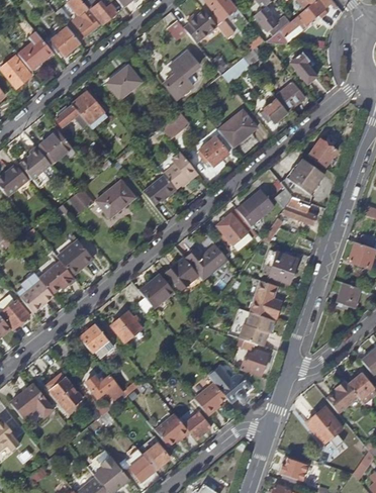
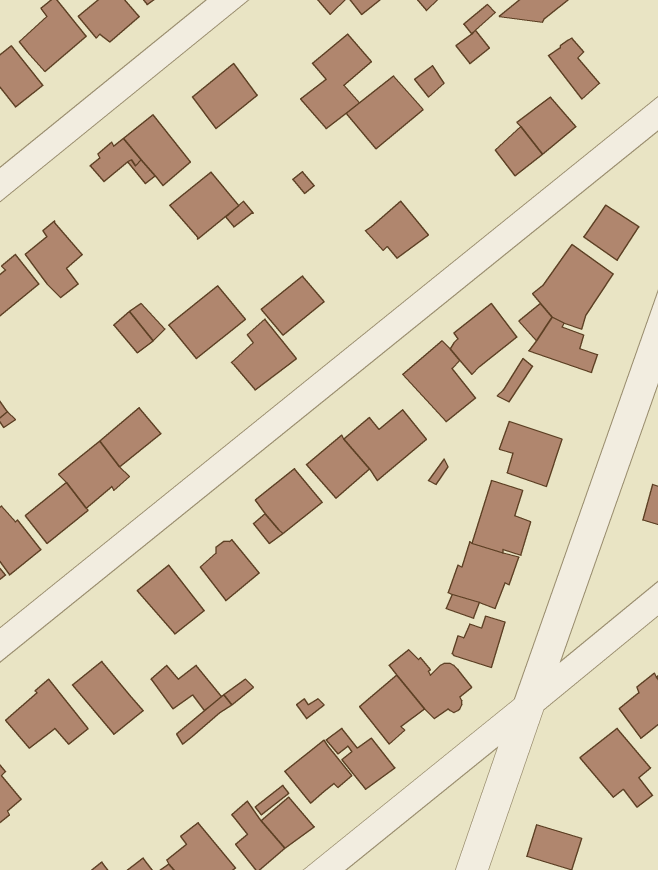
building: [217,110,257,147] -> [346,76,423,149]
building: [36,130,72,165] -> [170,172,239,239]
building: [163,152,196,188] -> [231,319,296,390]

